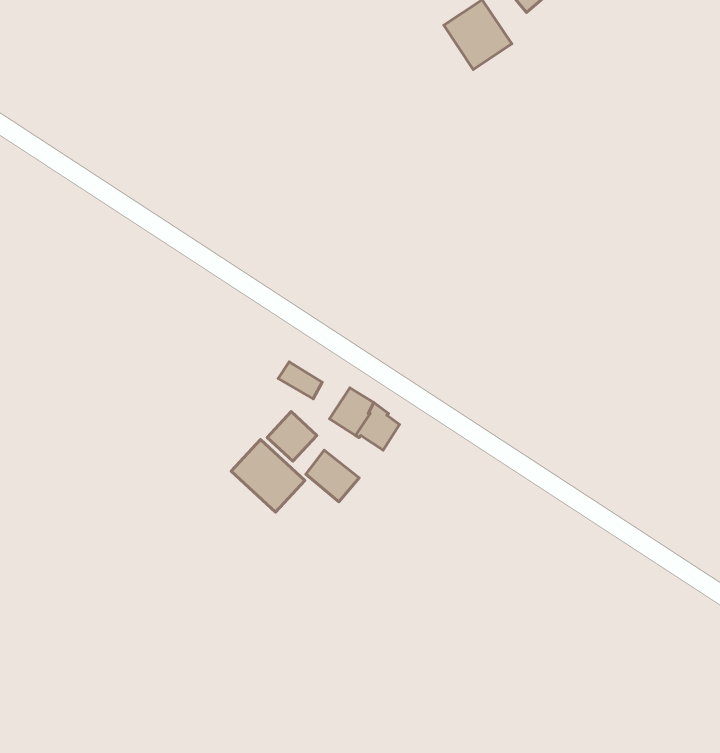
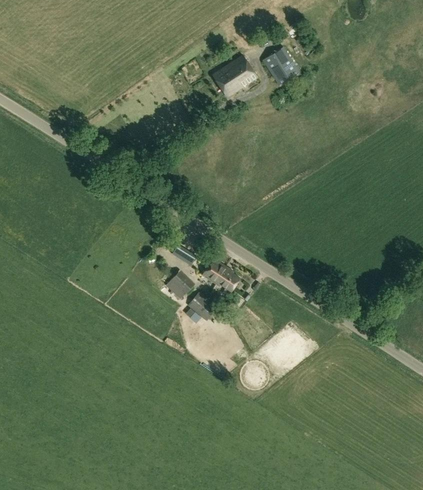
building: none -> [213,55,256,96]
building: [231,439,305,512] -> none

